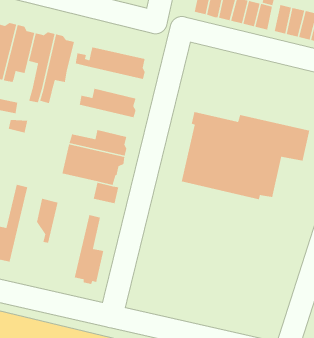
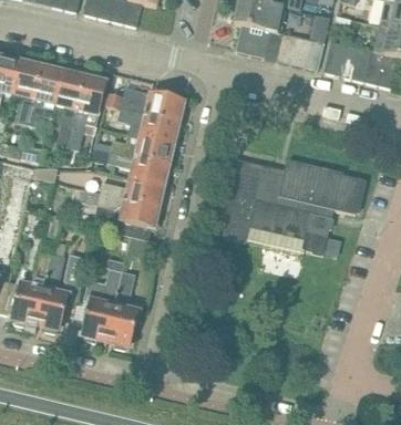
building: none -> [117,107,182,142]
building: none -> [93,146,172,184]
building: none -> [35,252,69,330]
building: none -> [81,266,122,340]

